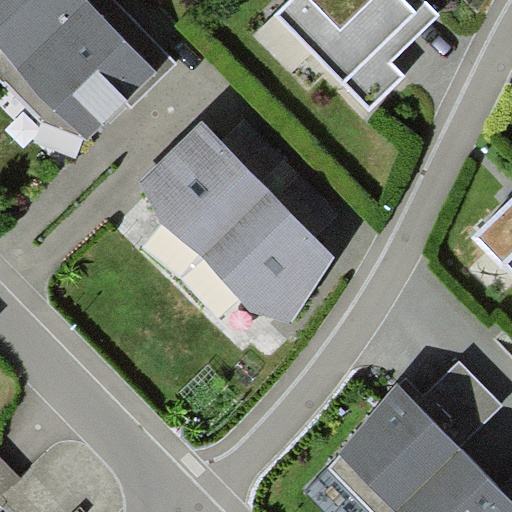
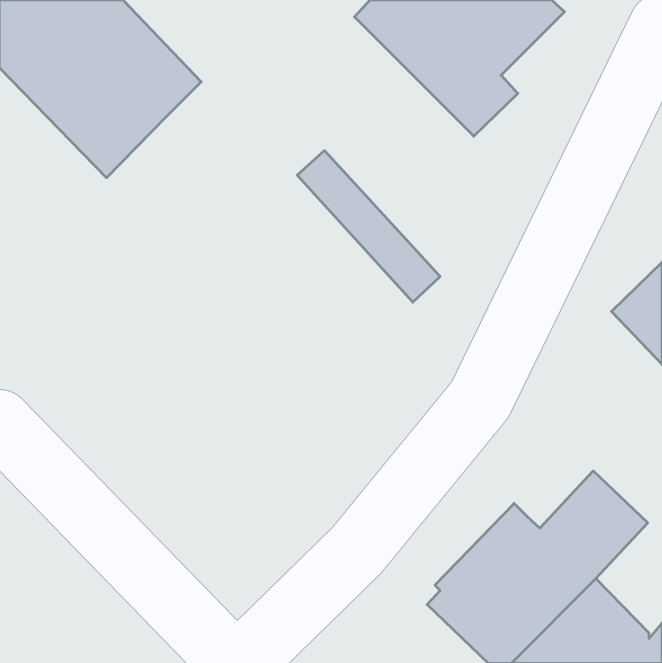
building: [144,125,336,321] -> none

